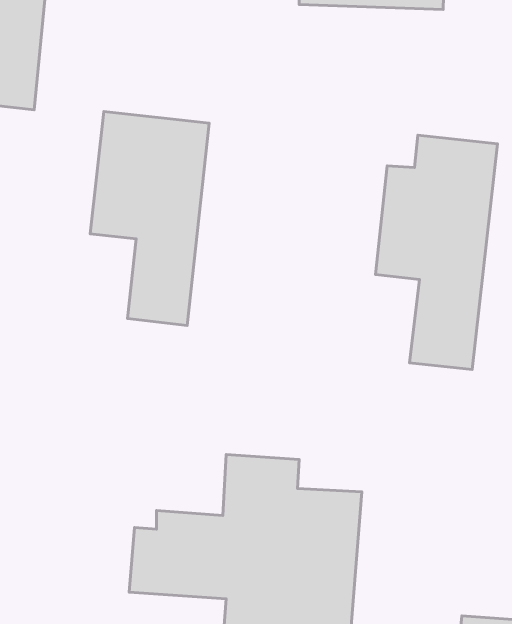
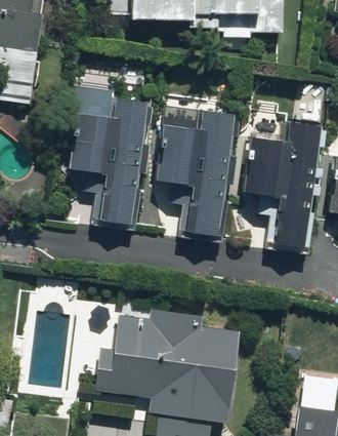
building: none -> [155,108,231,241]

